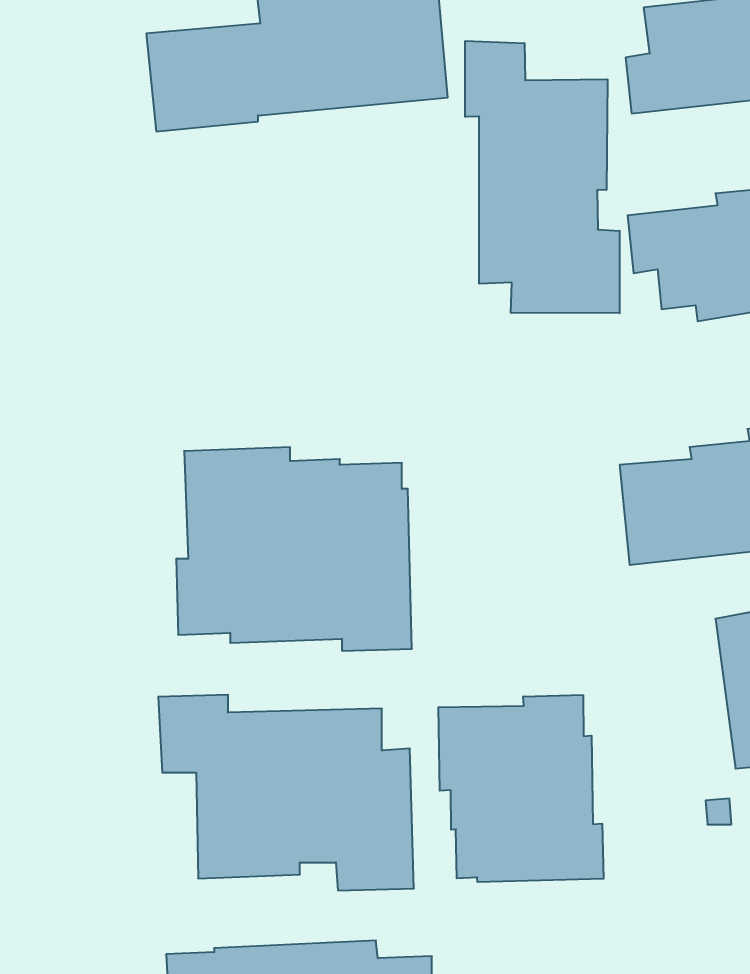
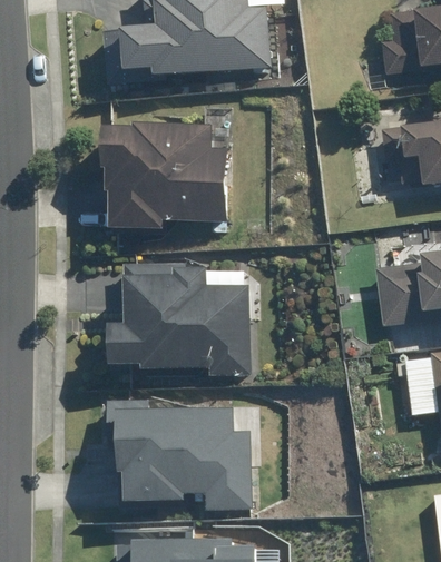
building: [465,41,620,313] -> none
building: none -> [114,122,228,228]
building: [439,695,604,882] -> none

